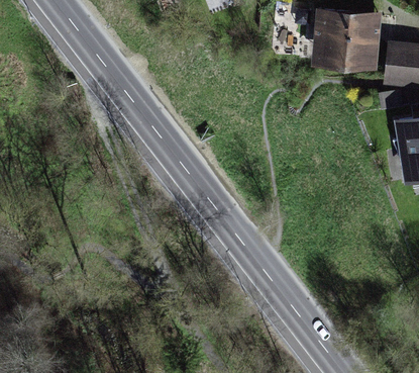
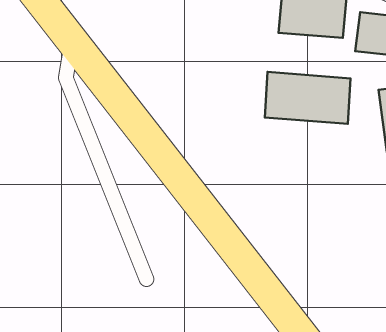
building: none -> [265,72,350,124]

